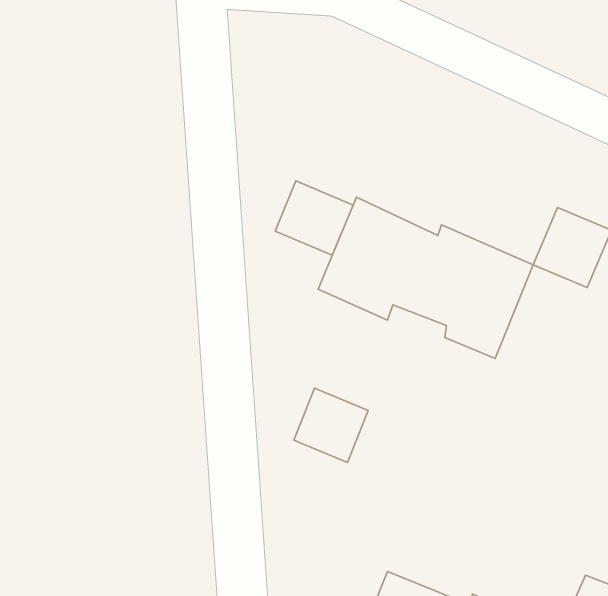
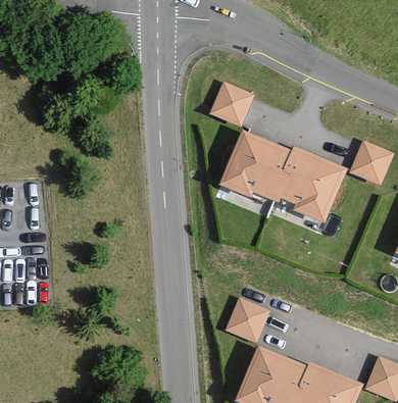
building: [275,181,353,255] -> [207,81,253,124]
building: [294,388,368,463] -> [225,297,268,341]

